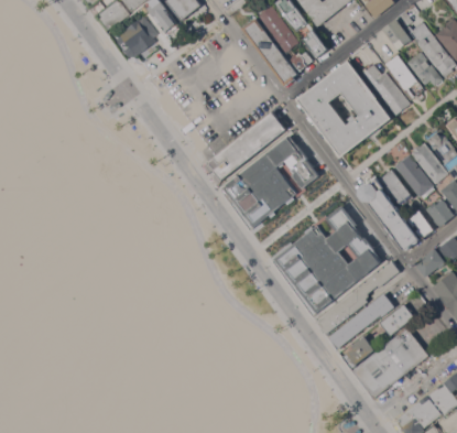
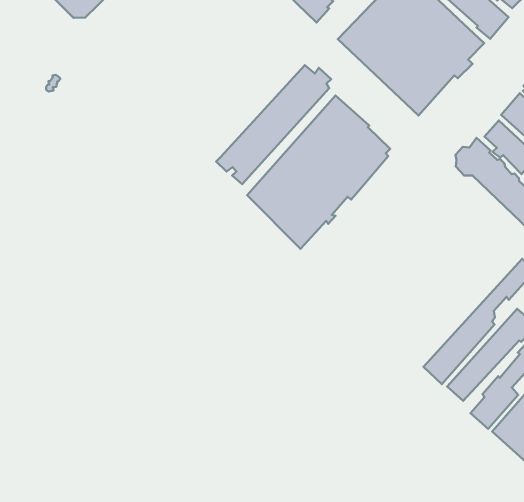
building: [270,205,379,315] -> none

